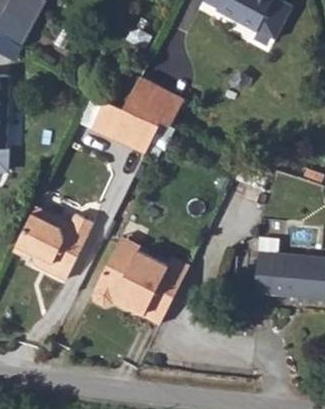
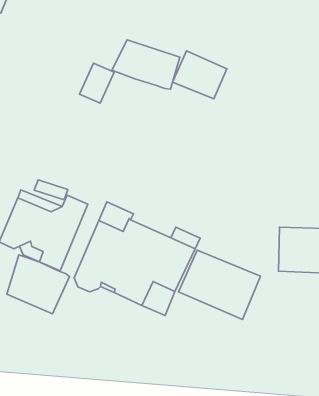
building: [107,108,156,152] -> [172,51,227,99]
building: none -> [7,255,70,314]
building: none -> [179,250,260,319]

